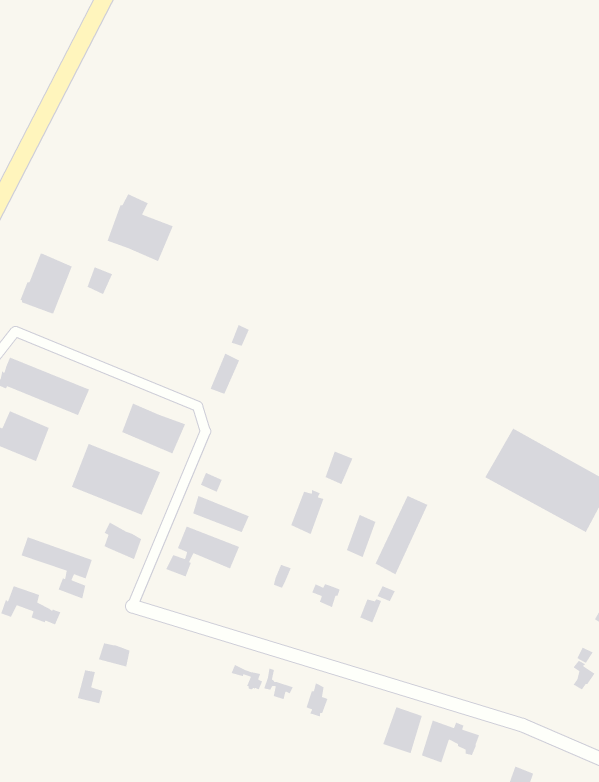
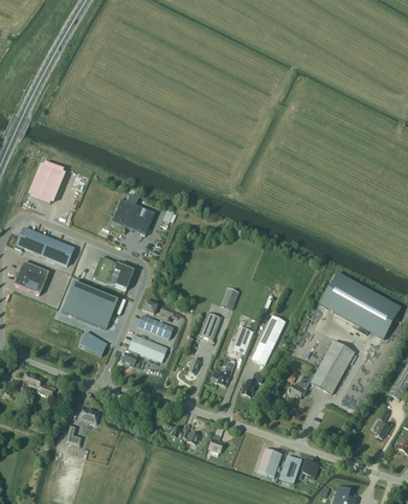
building: [107,193,174,262] -> [112,192,154,236]
building: none -> [288,339,355,397]
building: [21,536,93,599] -> none

